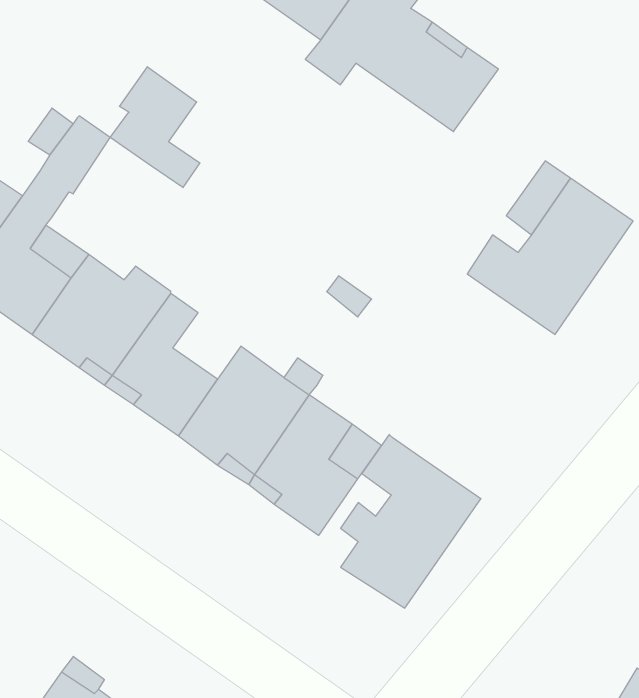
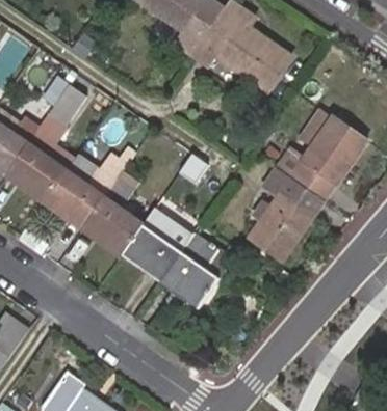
building: [110,67,200,188] -> none
building: [341,434,481,608] -> [249,166,324,258]

